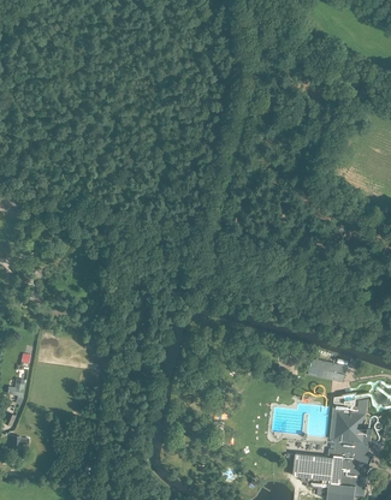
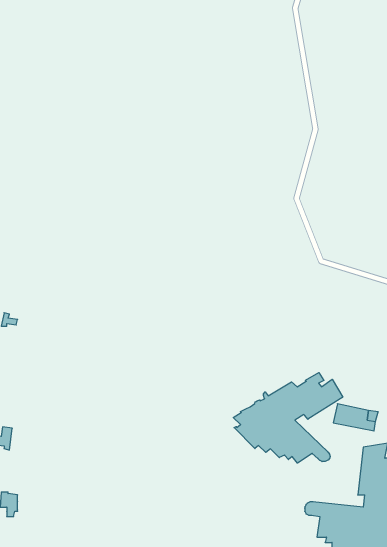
building: none -> [233,373,343,463]

